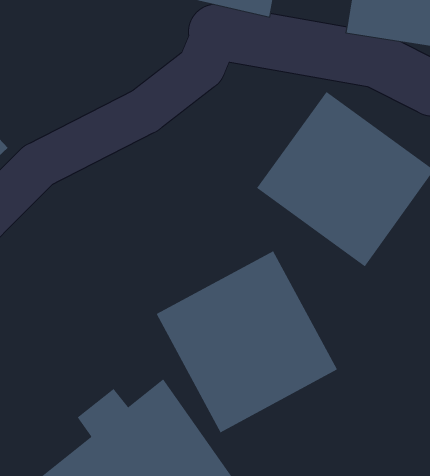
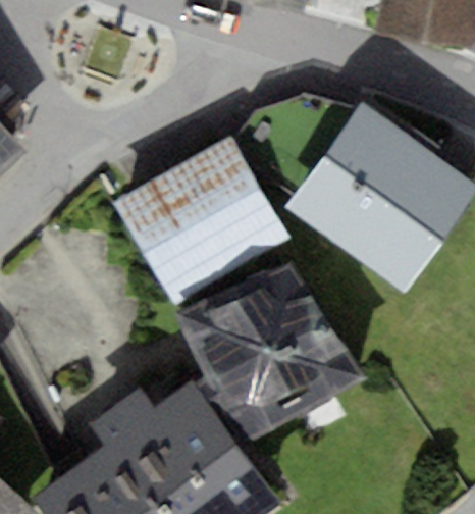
building: none -> [110,133,282,295]

